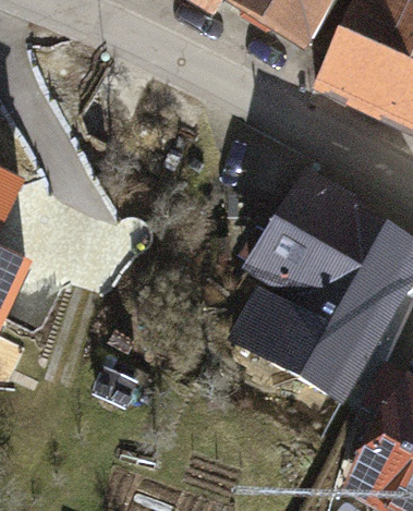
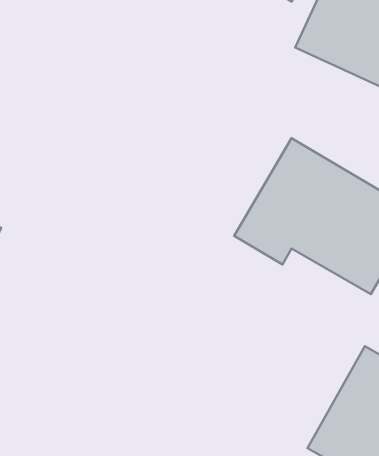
building: [241,278,387,402] -> none

